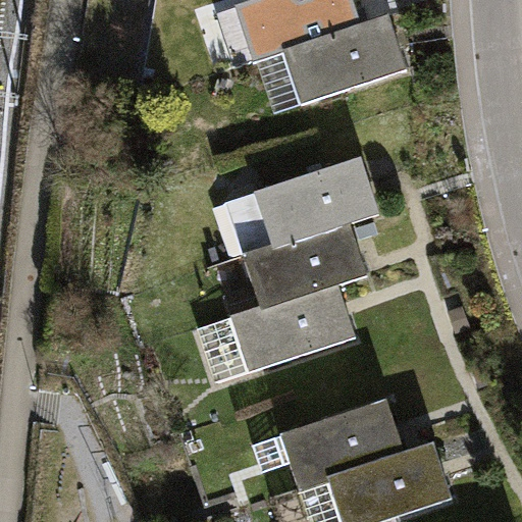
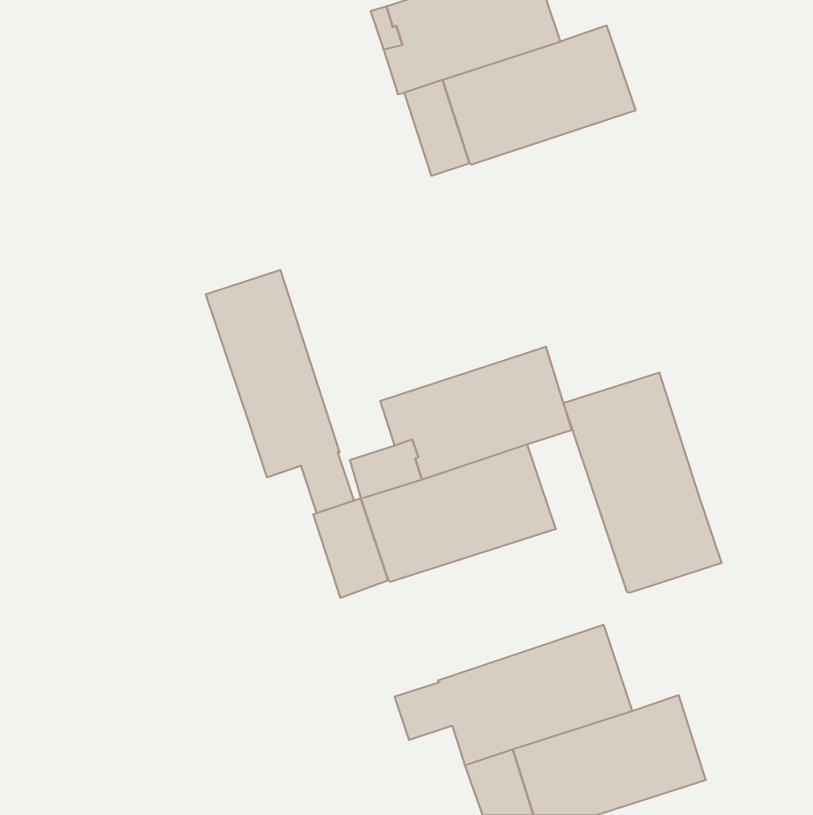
building: [230,158,377,256] -> none
building: none -> [206,270,354,513]
building: none -> [563,373,721,593]

